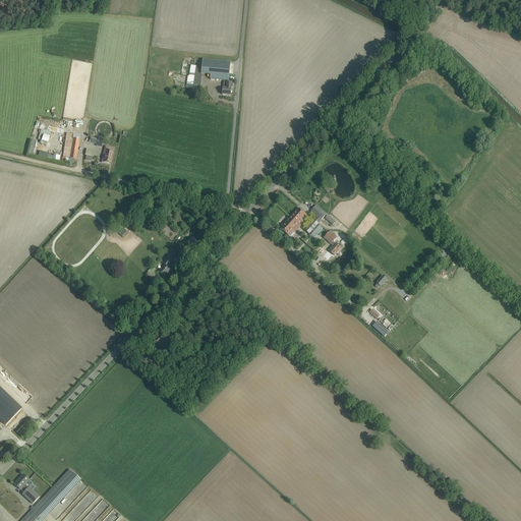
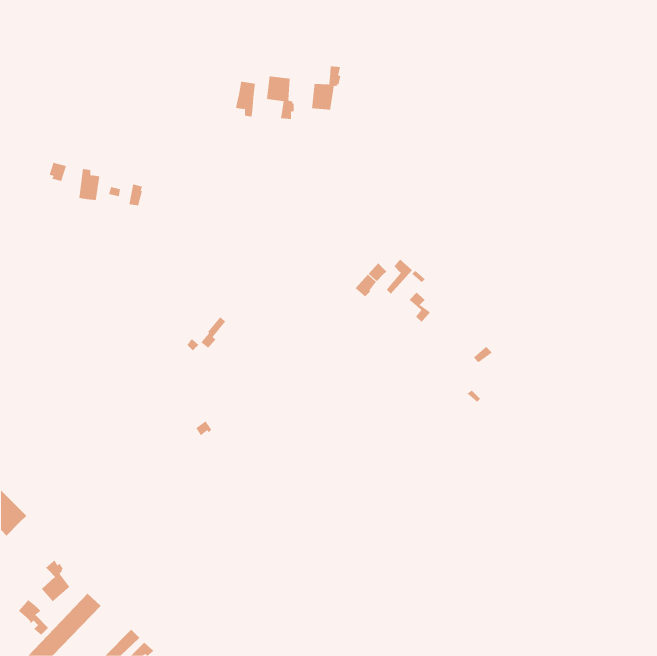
building: none -> [311,65,341,111]
building: none -> [41,560,70,602]

